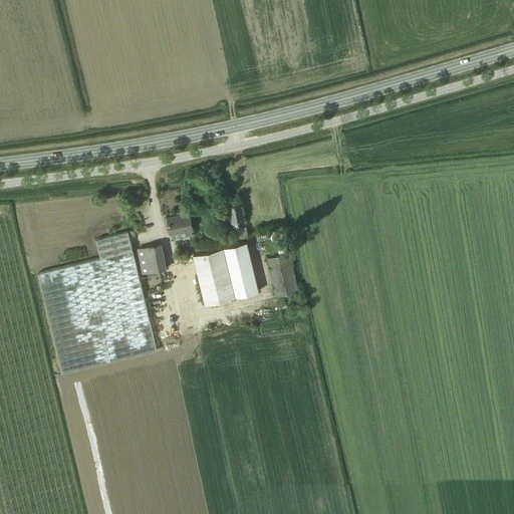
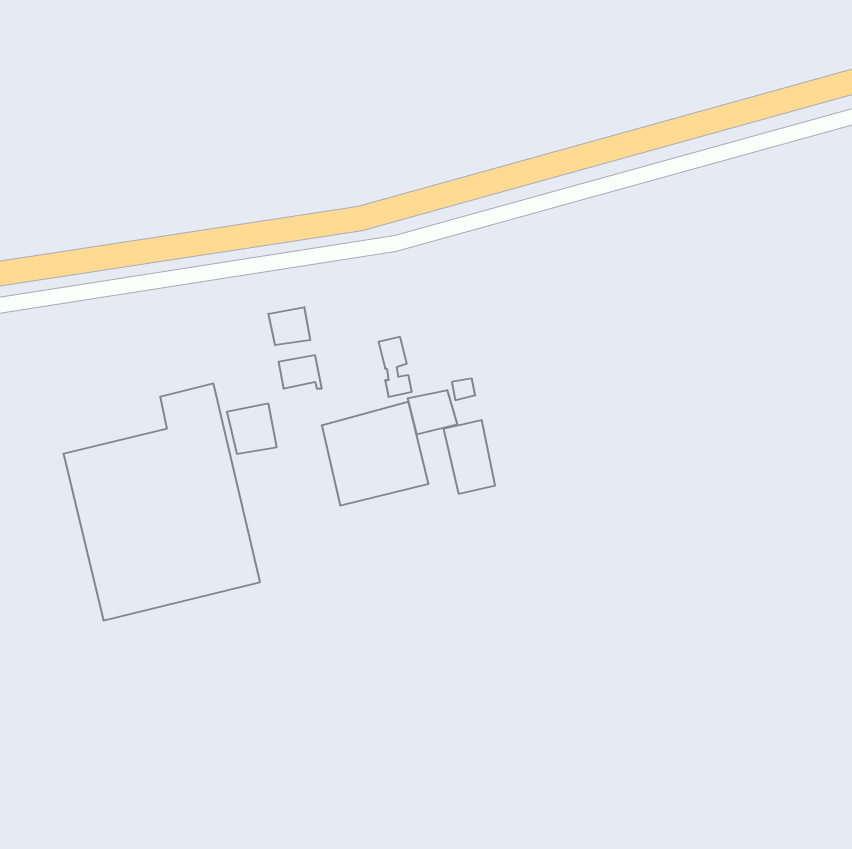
building: none -> [268,307,310,345]
building: none -> [408,390,457,435]

